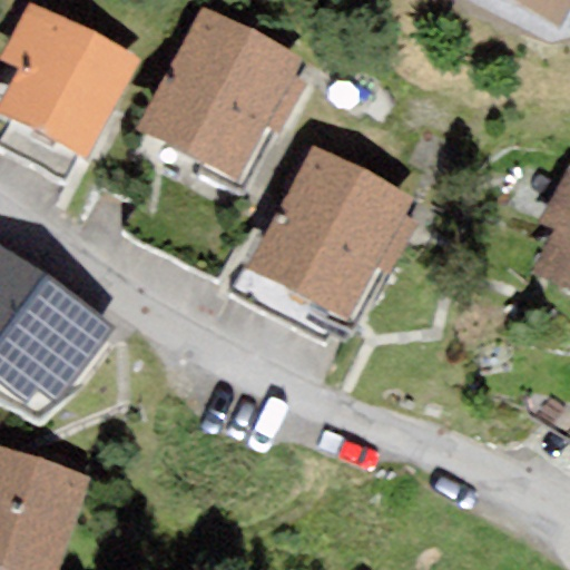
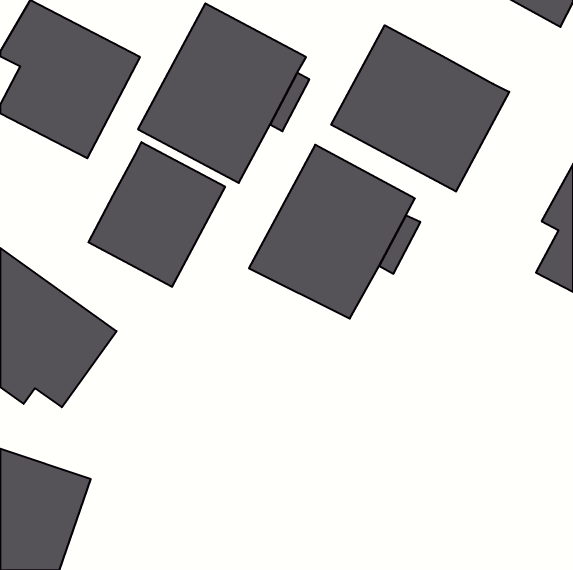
building: none -> [331,25,509,192]
building: none -> [88,142,225,287]

